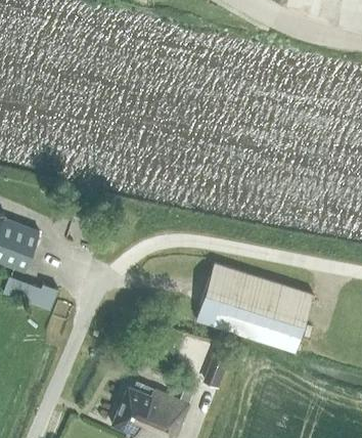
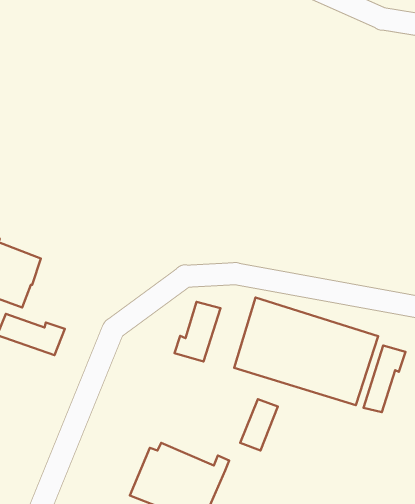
building: none -> [175,302,221,362]
building: none -> [363,346,406,412]

